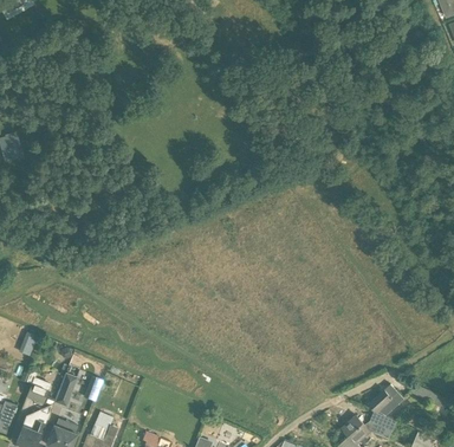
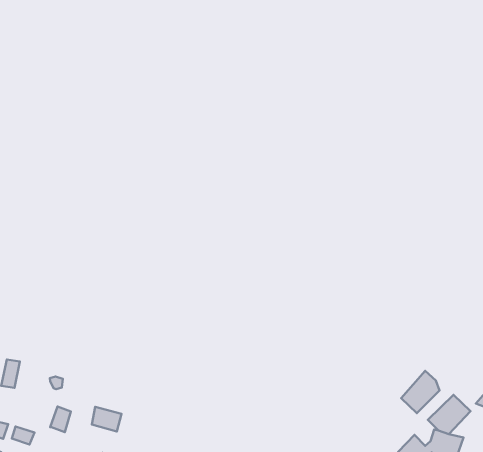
building: none -> [401,371,439,413]

